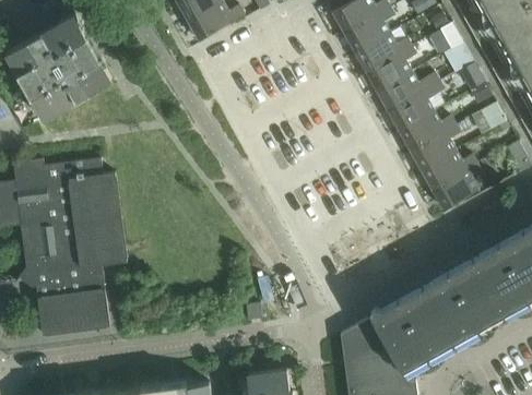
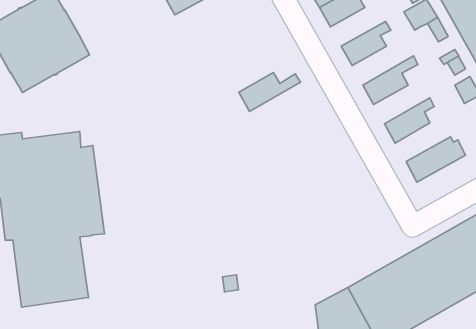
building: [355,32,411,71] -> none
building: [377,71,439,110] -> [239,73,300,111]
building: [399,110,456,149] -> none
building: [421,148,476,188] -> none

